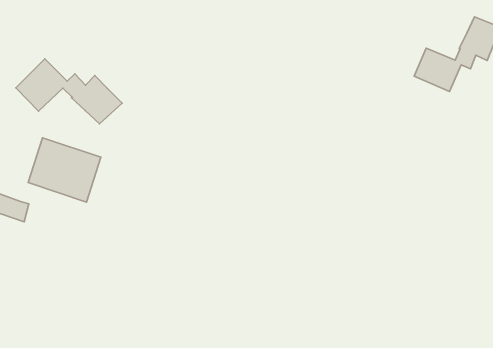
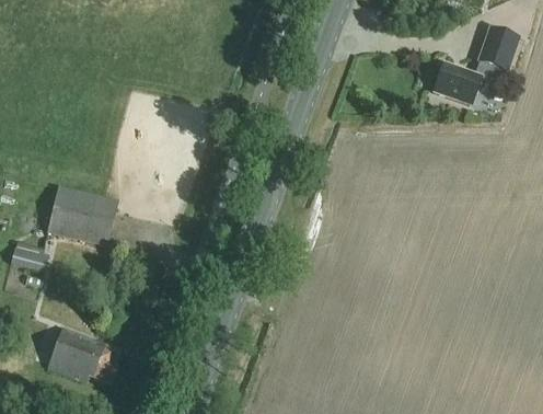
building: [16,59,122,124] -> none
building: none -> [47,327,119,386]

